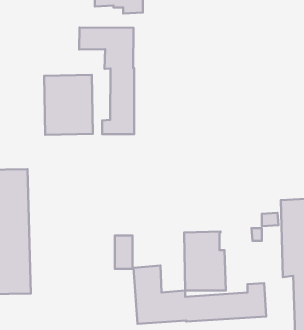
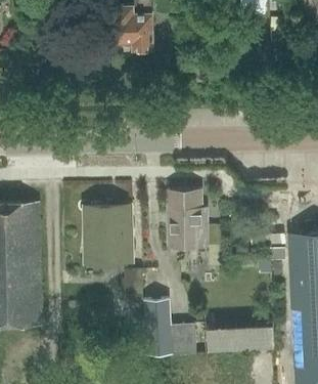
building: [79,27,134,134] -> none
building: [44,75,93,135] -> [84,206,132,265]
building: [184,231,226,291] -> [167,189,208,248]

